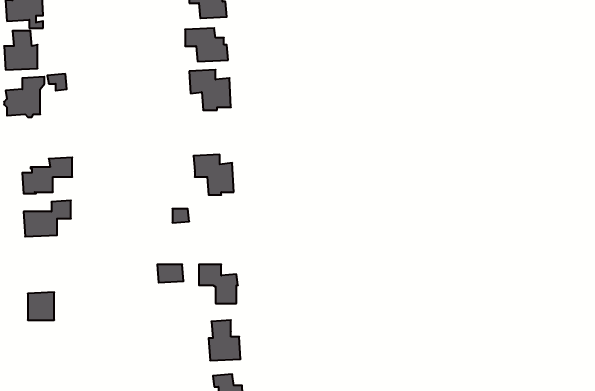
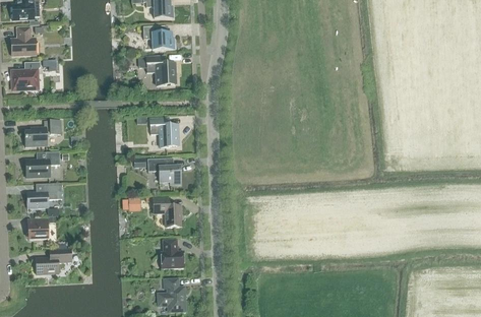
building: none -> [147,157,181,185]
building: none -> [27,183,62,208]
building: none -> [36,249,71,274]

